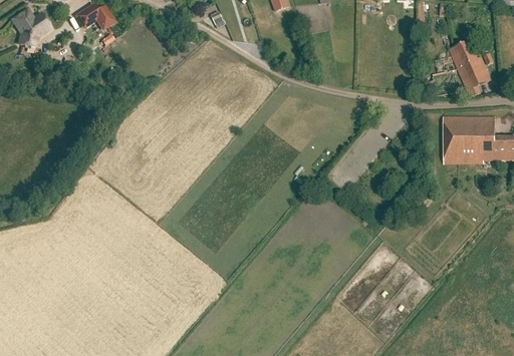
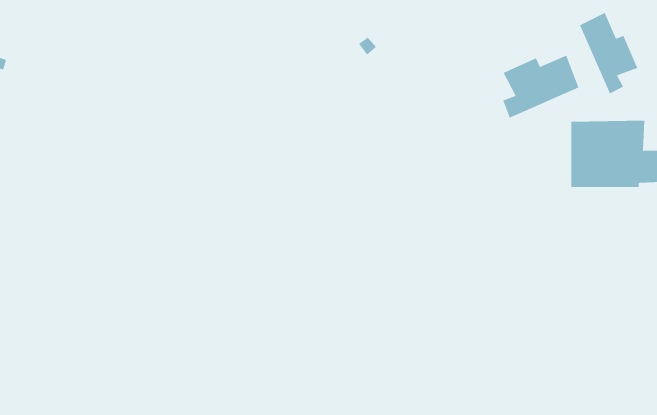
building: none -> [502,55,579,118]

